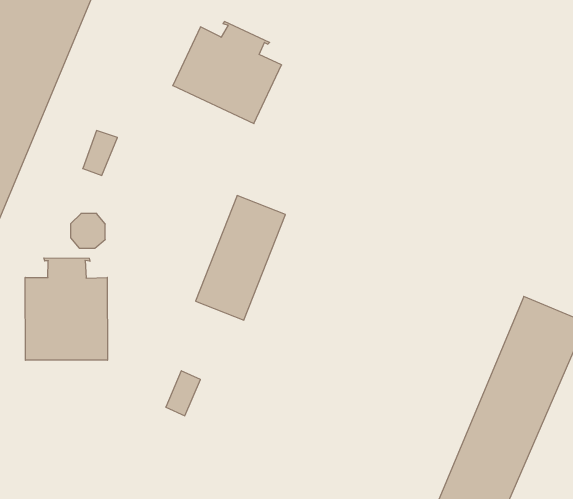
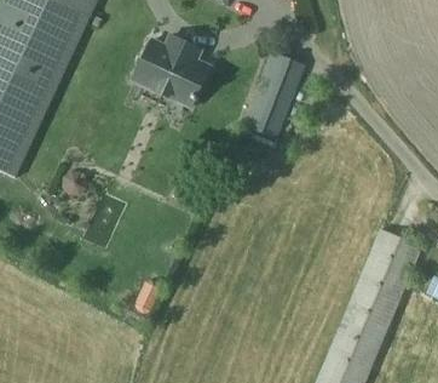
building: [196,196,285,320] -> [243,50,306,137]
building: [25,258,107,360] -> none

